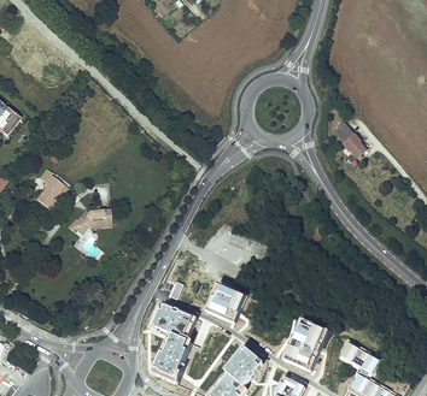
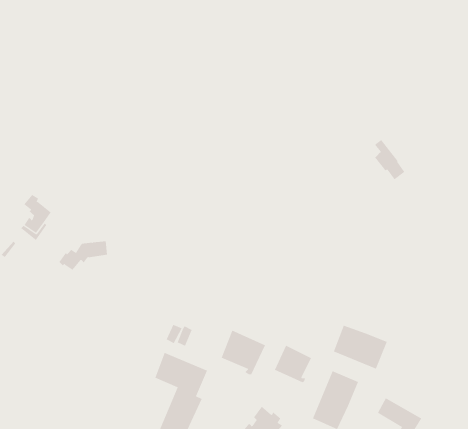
building: none -> [333,325,387,369]
building: none -> [274,345,312,383]

